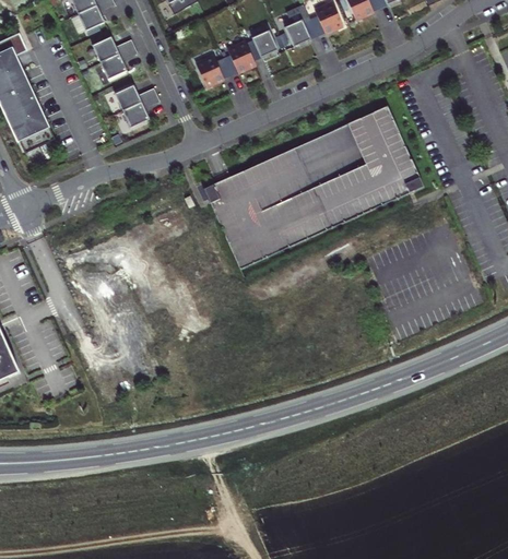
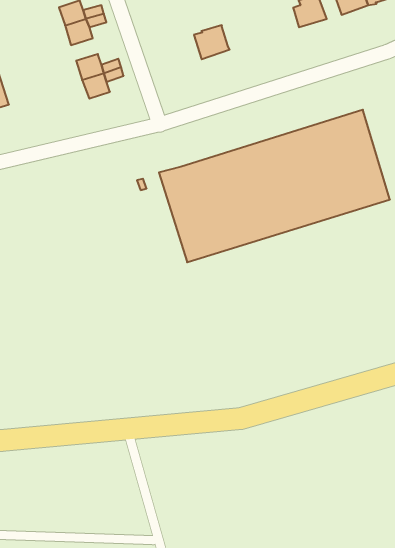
building: [285,19,318,47] -> none
building: [246,31,277,61] -> none
building: [196,55,231,87] -> none

